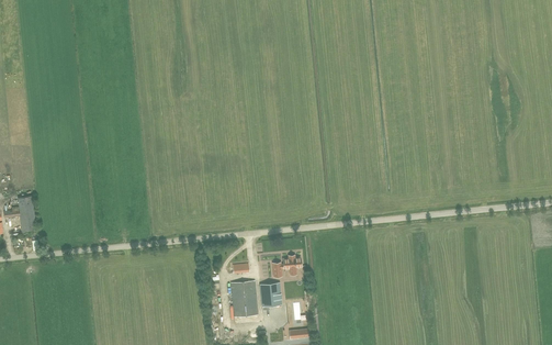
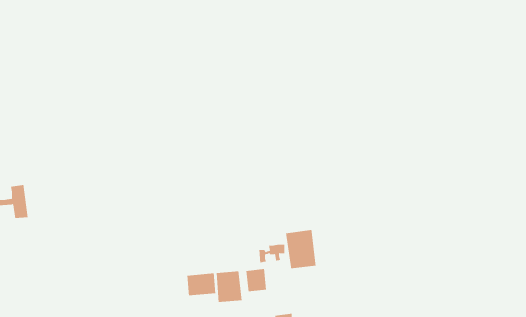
building: none -> [285,229,316,269]
building: none -> [187,273,216,296]

